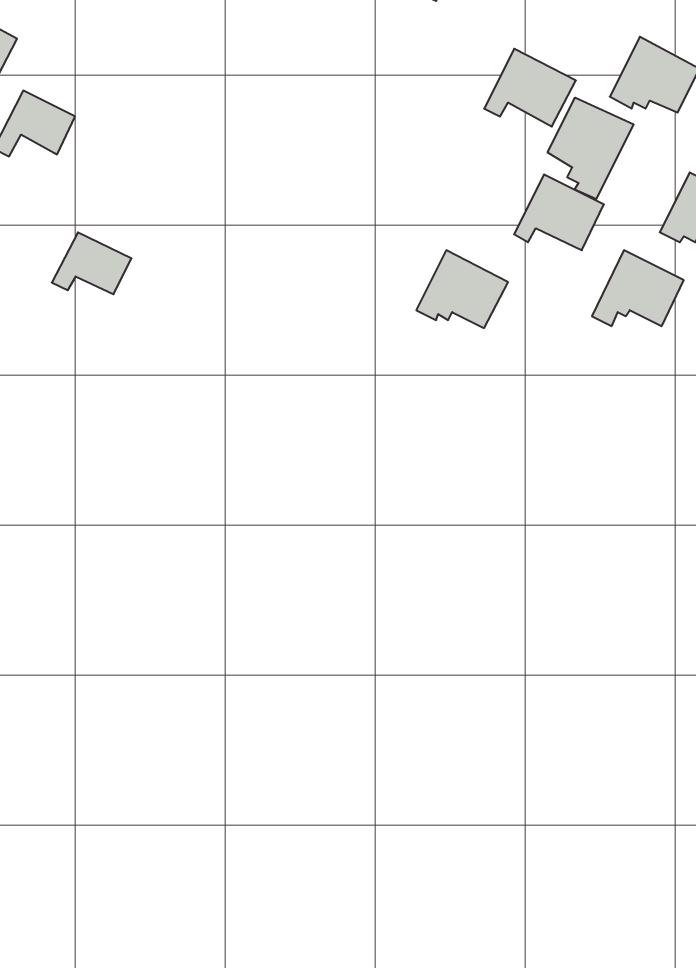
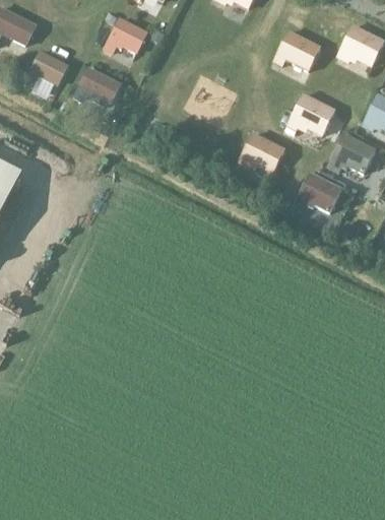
building: none -> [104,18,145,53]
building: [548,98,634,199] -> none
building: [52,232,132,294] -> [78,70,119,102]
building: none -> [296,172,342,210]

